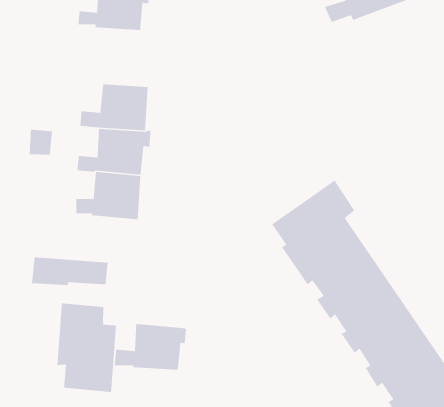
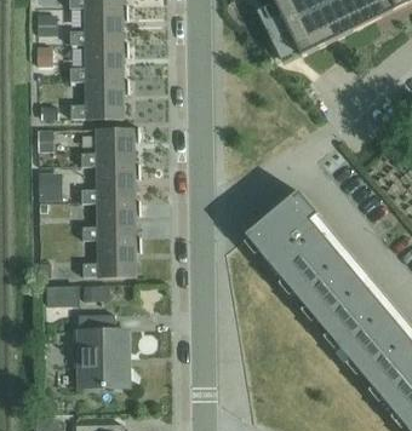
building: none -> [69,81,124,119]
building: [114,323,187,371] -> [81,239,139,277]

